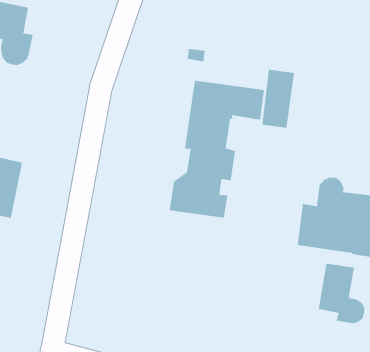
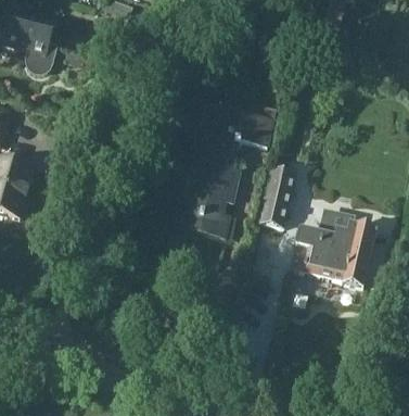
building: [262,69,295,128] -> [260,167,296,225]
building: [318,263,365,324] -> none

